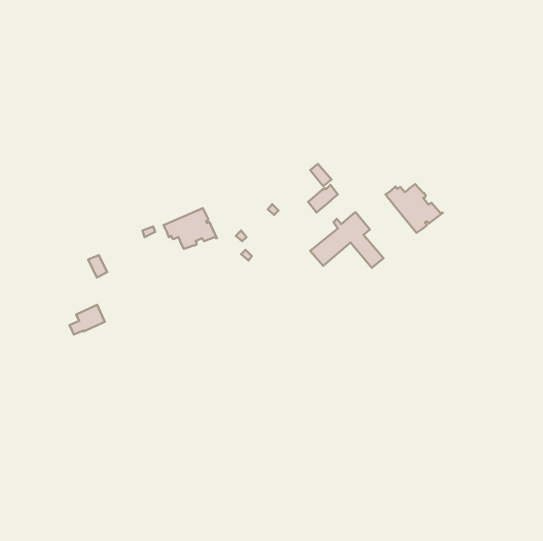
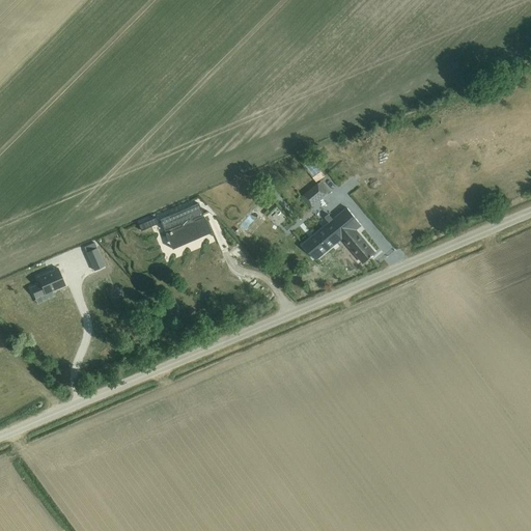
building: [385,184,443,233] -> none
building: [70,305,105,335] -> [31,271,65,300]

